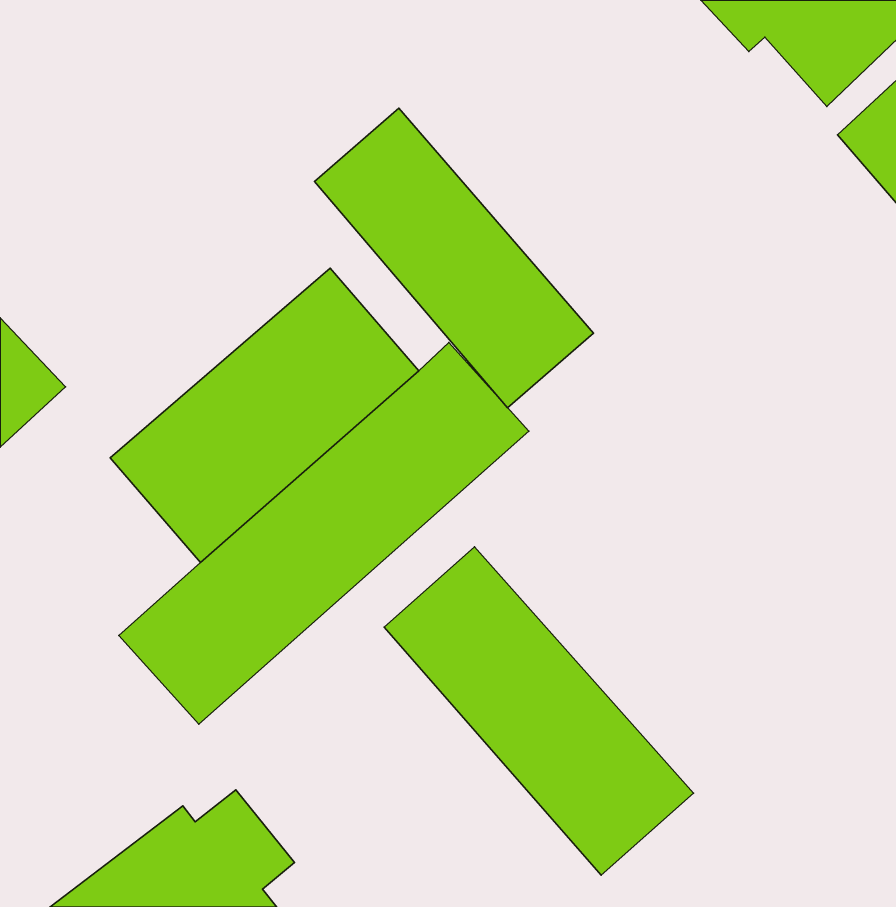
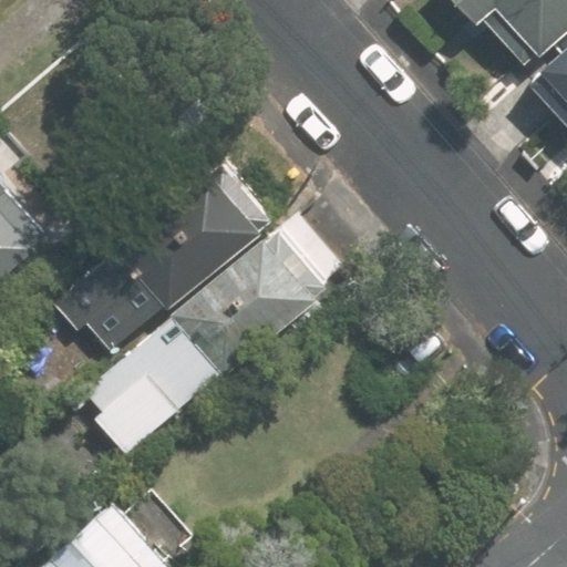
building: [314,108,593,408] -> none
building: [384,547,693,875] -> none

